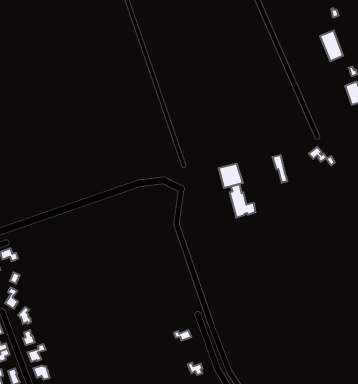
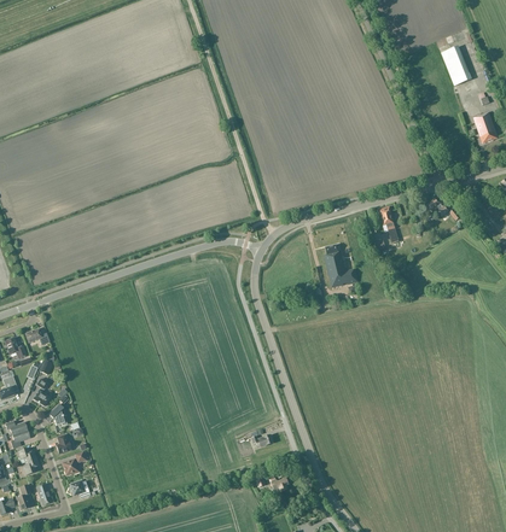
building: [219,164,243,188] -> none

